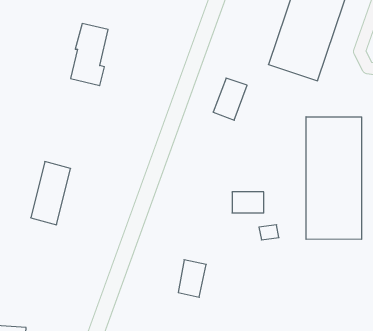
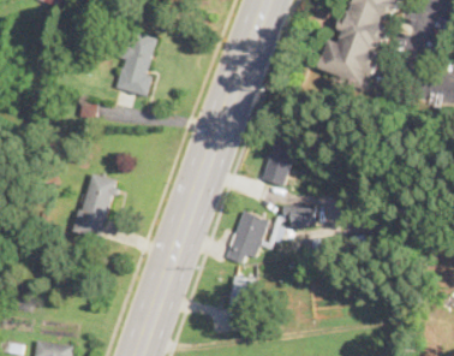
building: [213,78,247,120] -> [259,142,294,185]
building: [306,117,362,239] -> none
building: none -> [226,209,267,263]

